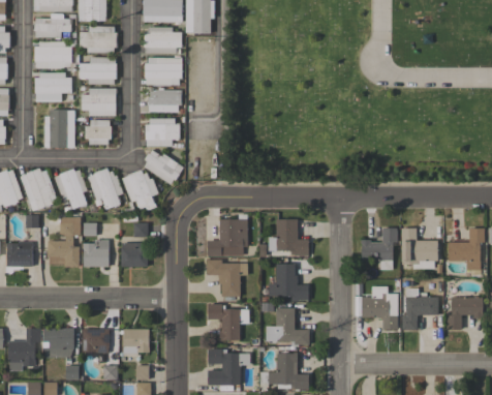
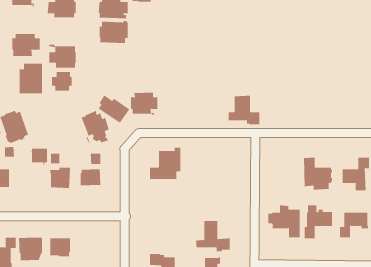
building: [34,41,74,74] -> none
building: [80,57,117,85] -> none
building: [149,88,181,112] -> none
building: [145,118,180,147] -> [130,92,158,115]
building: [55,168,88,209] -> none
building: [88,169,123,209] -> none
building: [269,218,309,255] -> [228,95,260,125]
building: [361,227,398,270] -> none
building: [48,236,80,267] -> none
building: [207,260,248,296] -> none
building: [269,263,309,301] -> none
building: [208,304,249,342] -> none
building: [120,329,150,353] -> none

